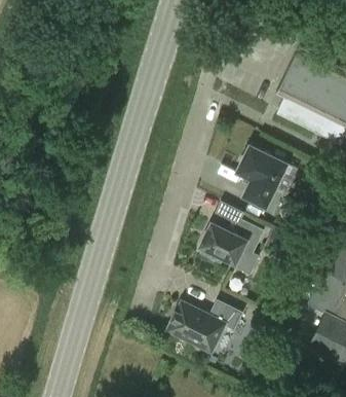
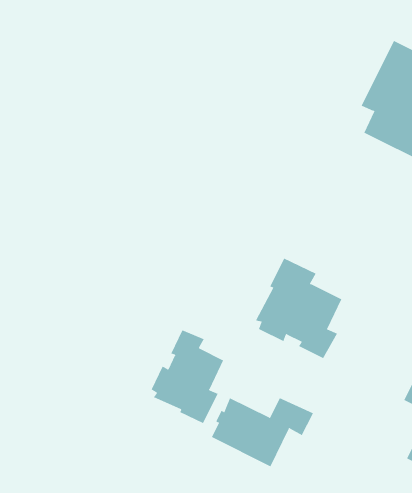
building: [236,146,286,206] -> none
building: none -> [151,330,224,424]

